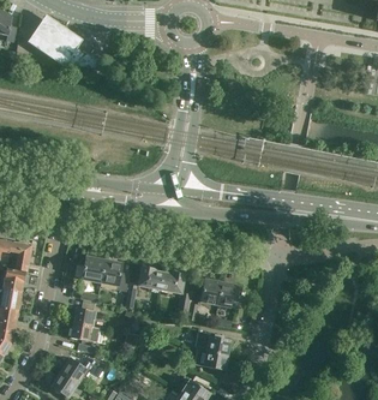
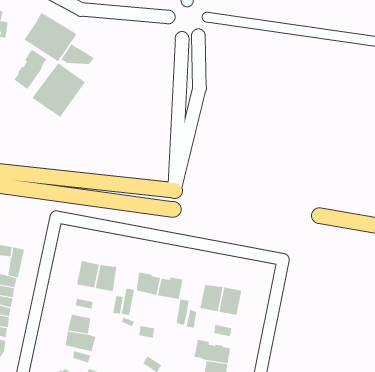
building: none -> [14,49,47,90]
building: none -> [32,62,86,118]

